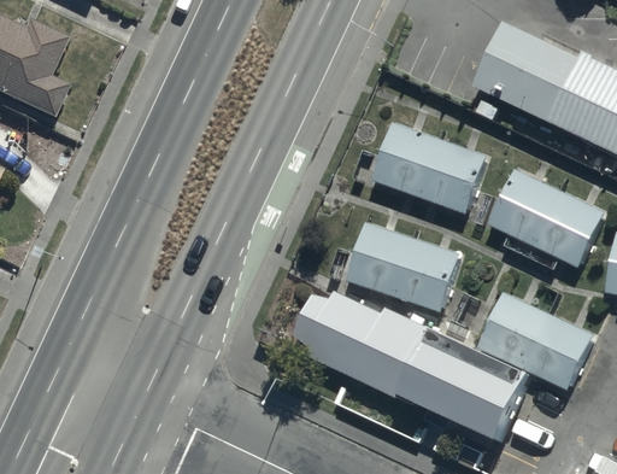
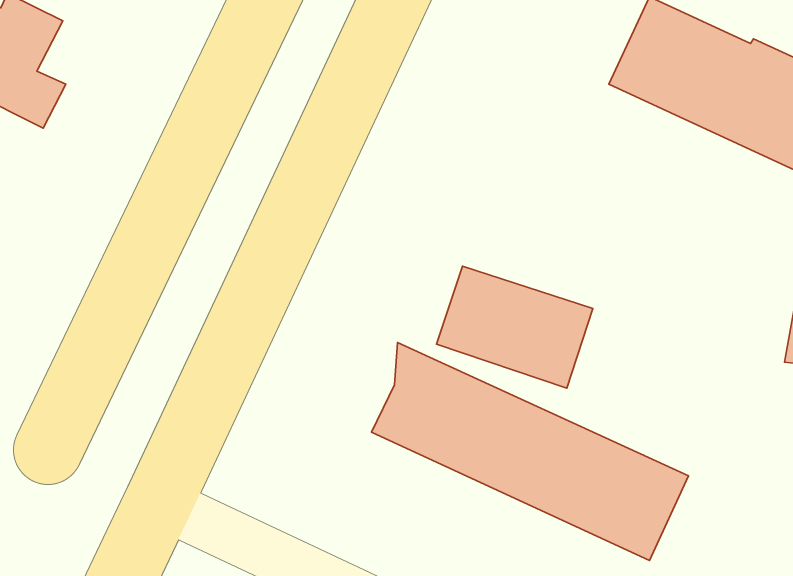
building: [371,123,484,215] -> none
building: [486,170,604,268] -> none
building: [476,292,594,390] -> none

